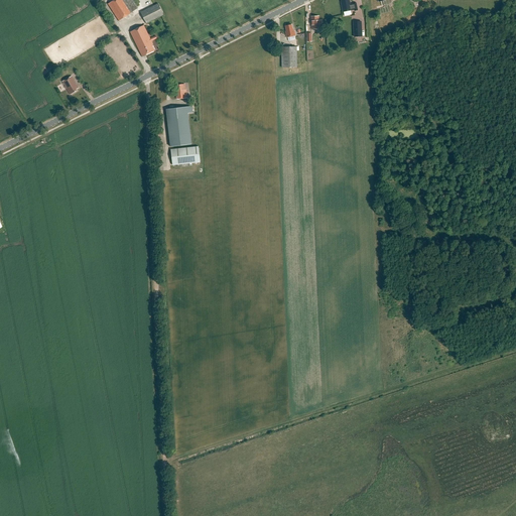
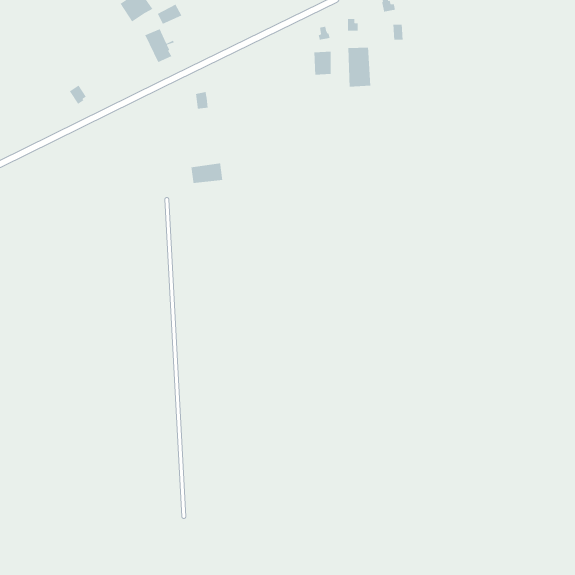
building: none -> [348,47,371,87]
building: [166,106,191,146] -> none

